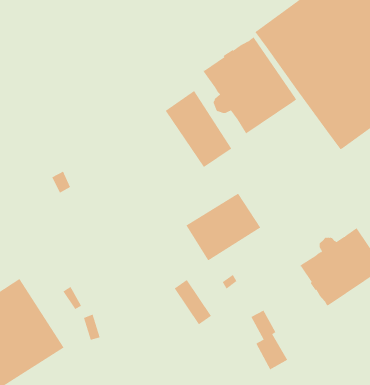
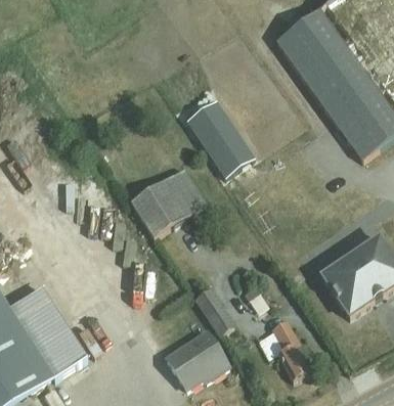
building: [203,36,297,134] -> none
building: [185,193,261,261] -> [131,168,207,236]
building: none -> [167,330,229,388]

